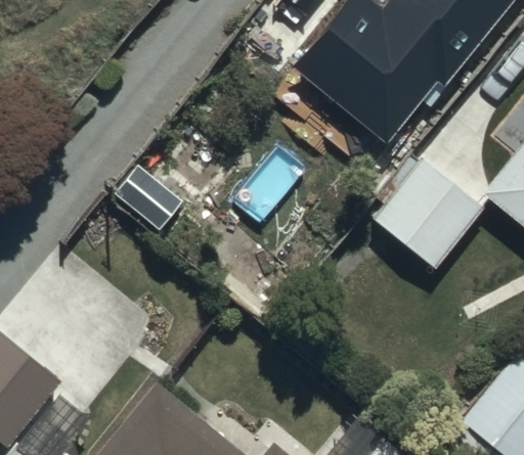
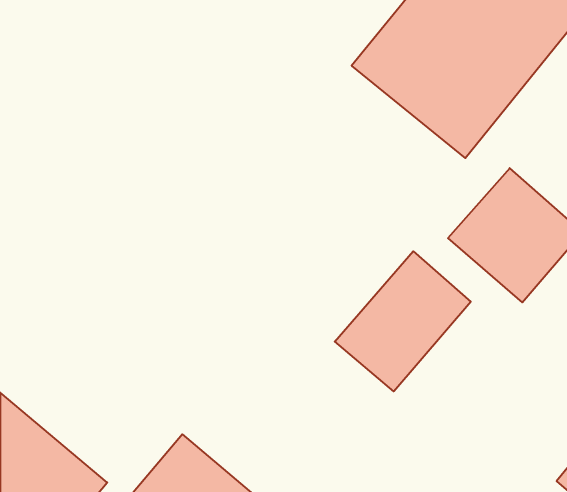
building: none -> [335,251,471,391]

